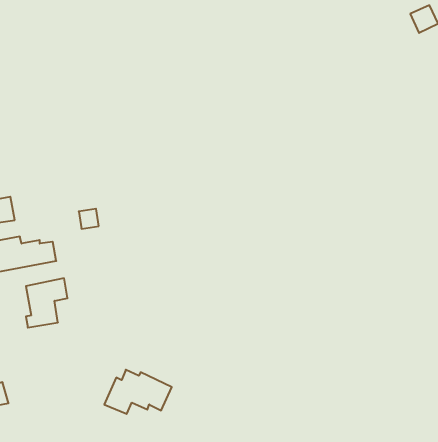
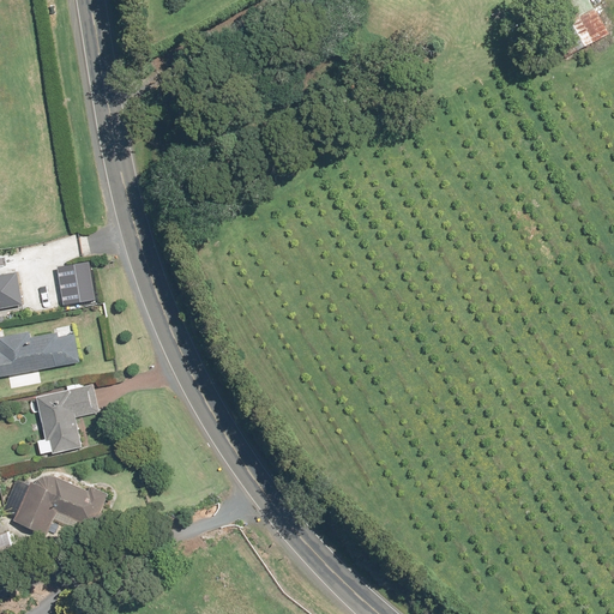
building: [79,209,99,229] -> [67,273,95,301]
building: [104,370,172,414] -> [12,471,106,532]

